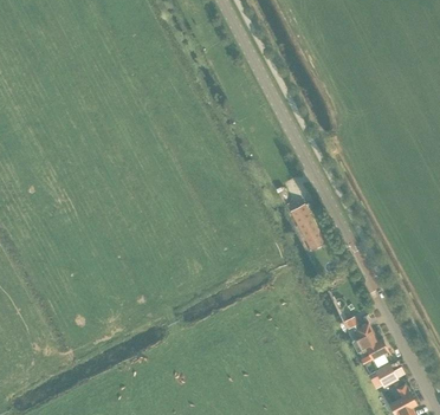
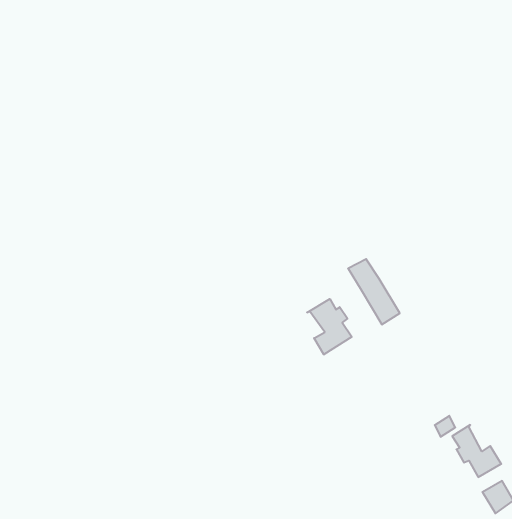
building: none -> [307,299,352,355]

